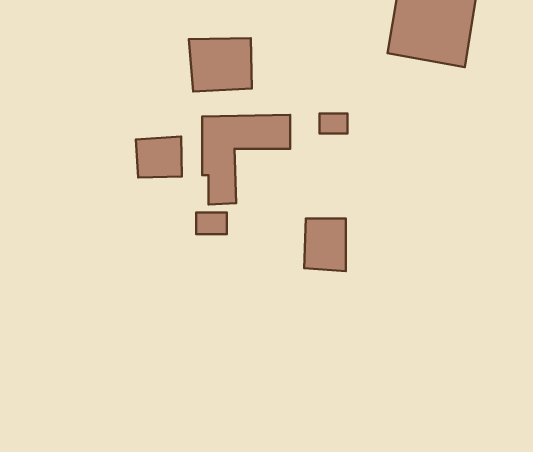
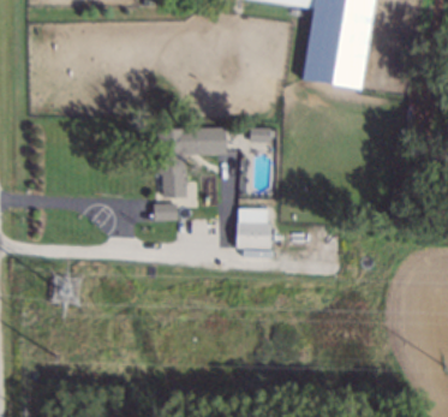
building: [189,38,252,91] -> none
building: [136,136,182,177] -> none

